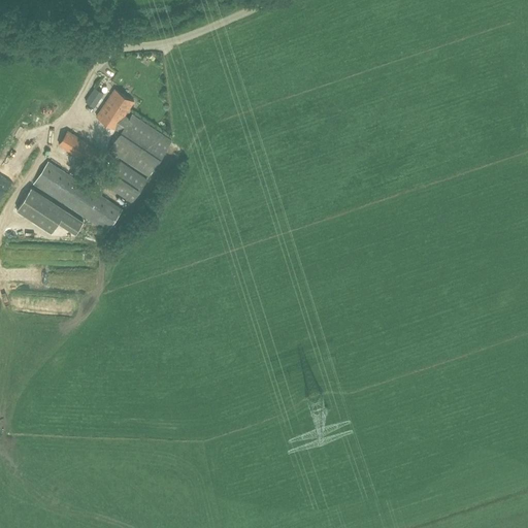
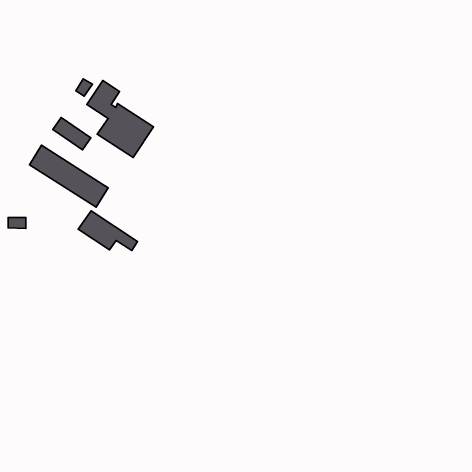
building: [104,161,145,202] -> none
building: [15,189,81,233] -> [78,211,137,251]

